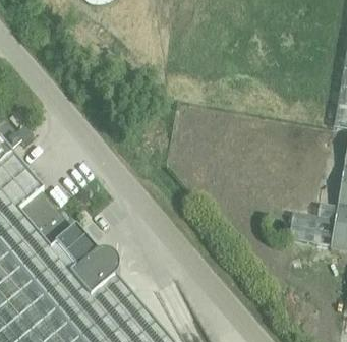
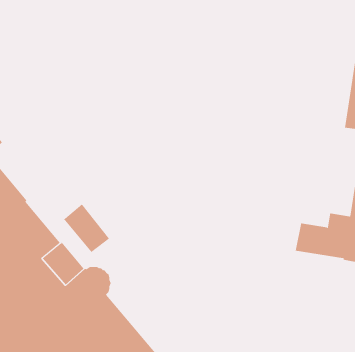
building: none -> [63,204,110,253]

